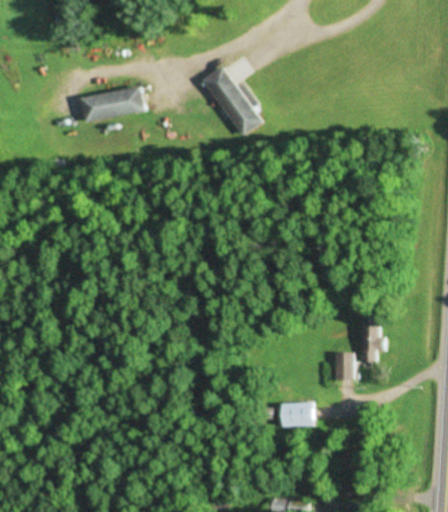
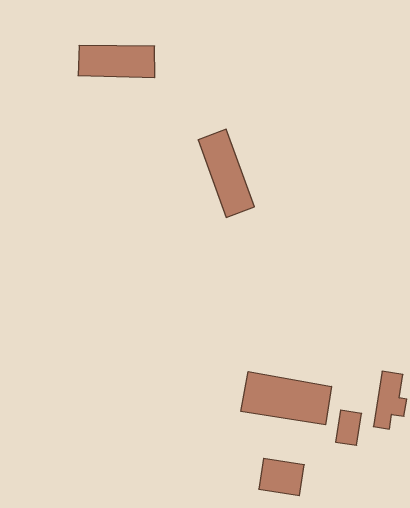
building: [206,66,259,136] -> [198,129,254,217]
building: none -> [241,372,331,425]

